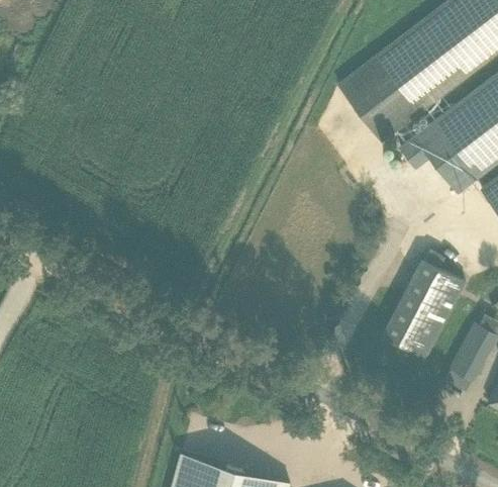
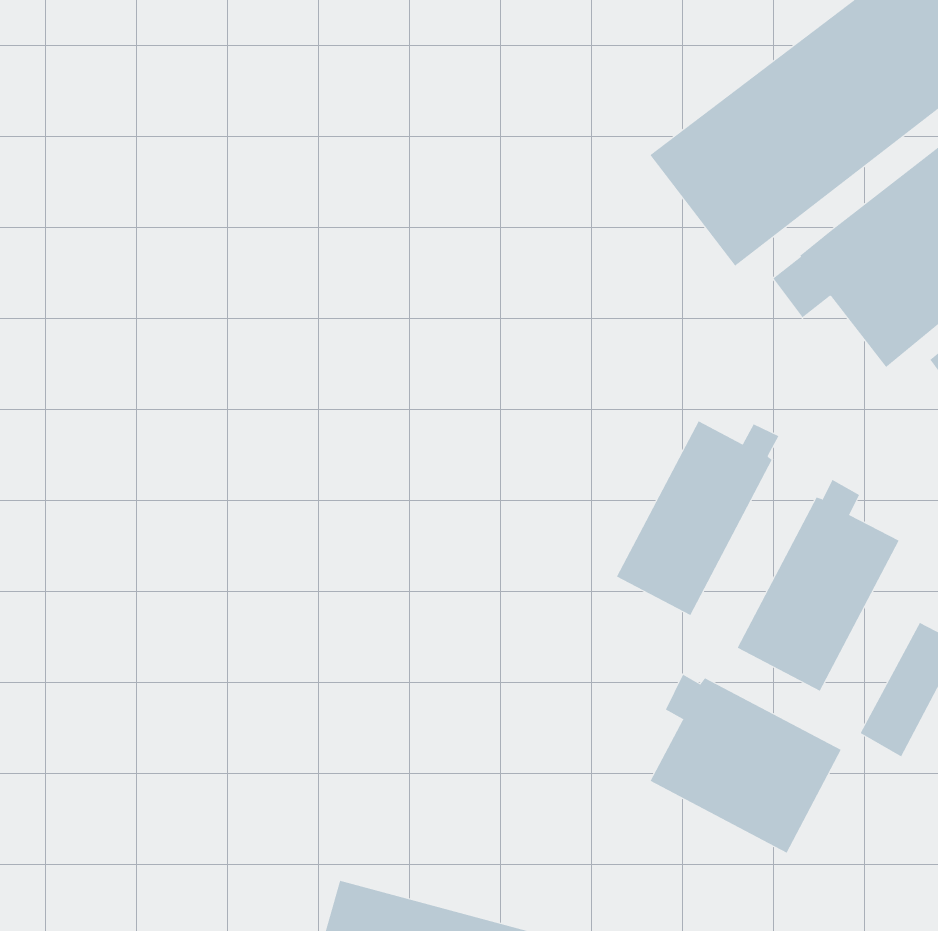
building: none -> [616,420,779,616]
building: none -> [650,674,842,853]

